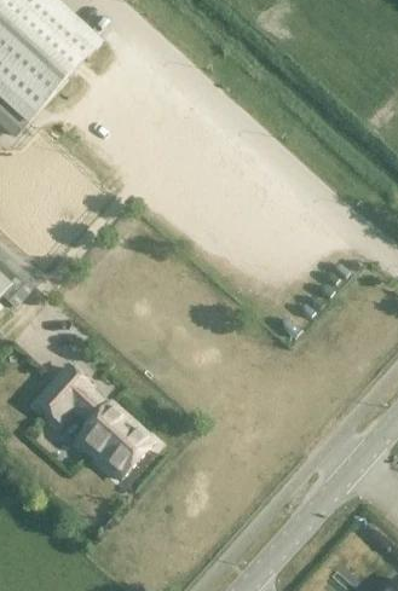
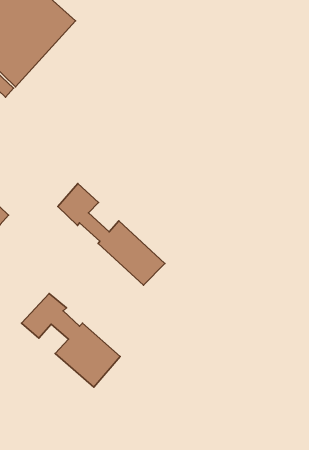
building: none -> [58,184,165,285]

